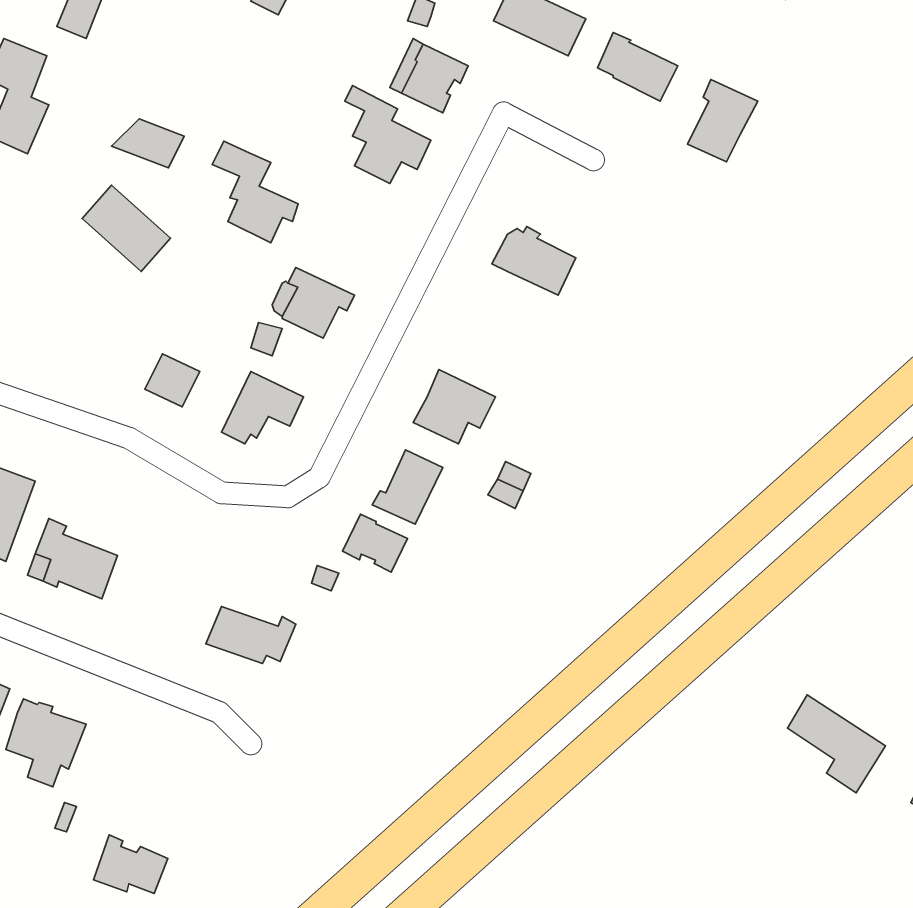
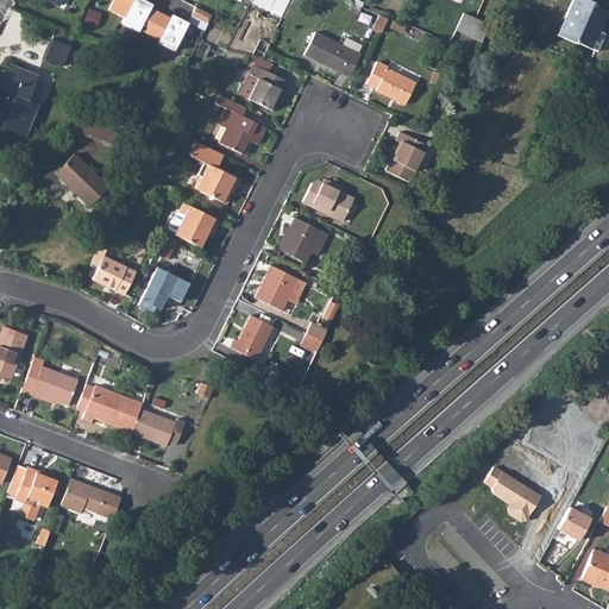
building: [687,80,758,162] -> [387,130,429,180]
building: [212,141,298,243] -> [188,140,240,202]
building: none -> [280,218,321,262]
building: [343,514,407,572] -> none
building: none -> [76,383,142,432]
building: [93,835,168,894] -> [62,478,107,514]

